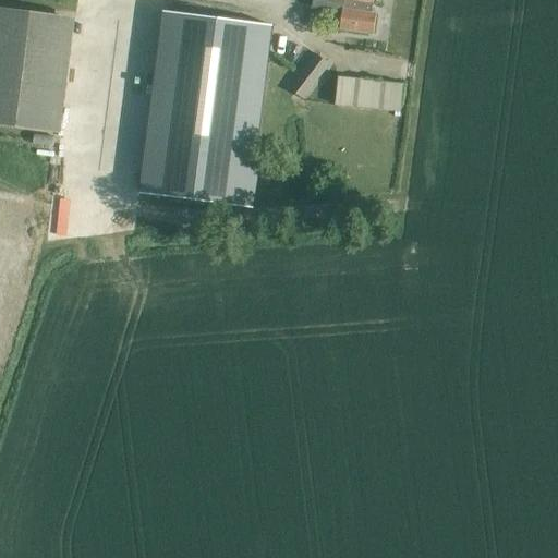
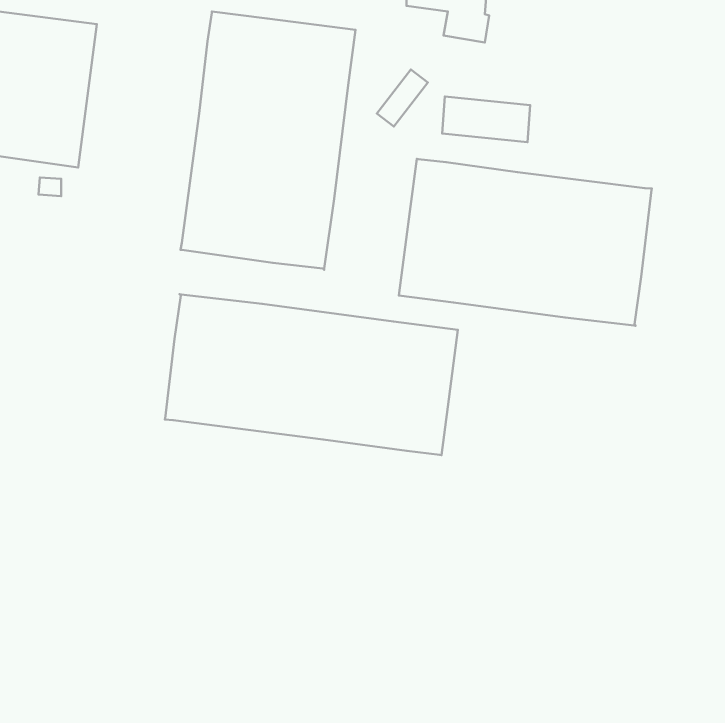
building: none -> [399,159,652,326]
building: none -> [165,294,458,455]

